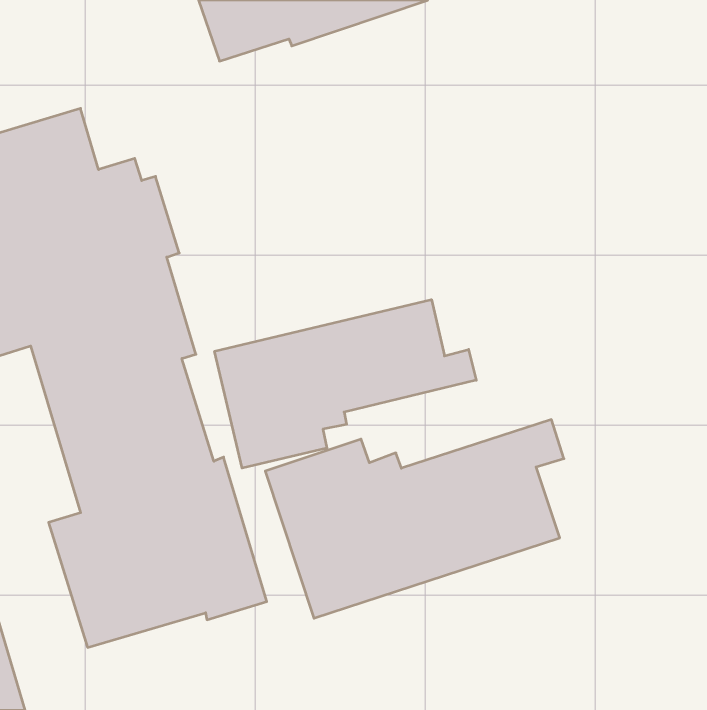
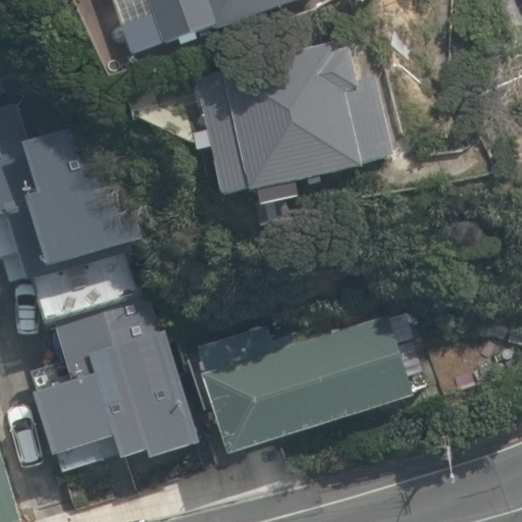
building: none -> [194,43,390,205]
building: [215,300,476,468] -> none

